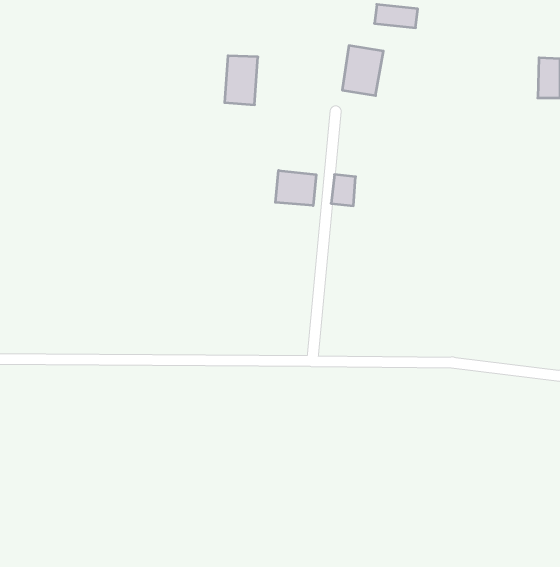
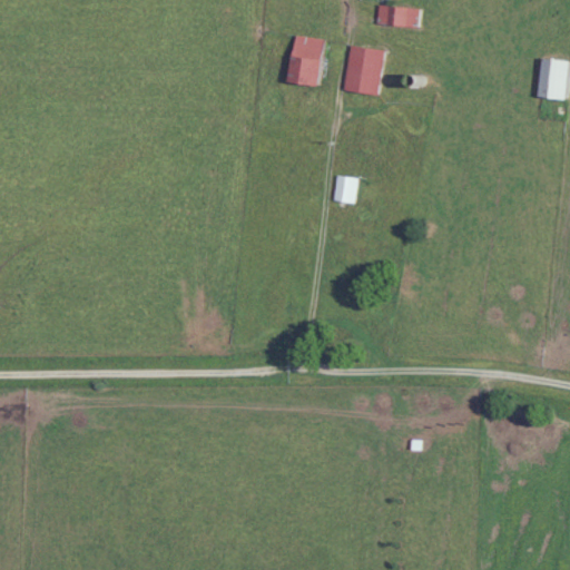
building: [225,56,258,105] -> [291,37,324,86]
building: [275,170,316,206] -> none

